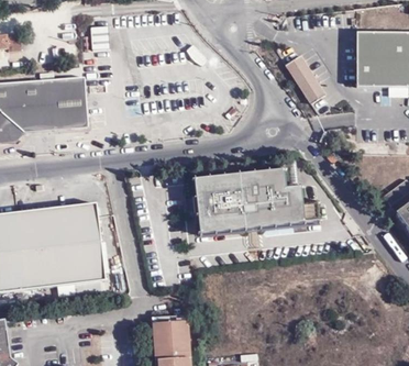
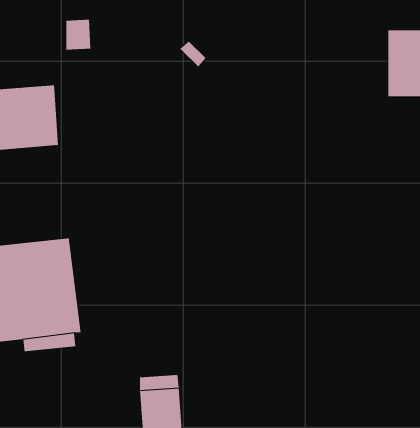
building: [285,55,333,103] -> none
building: [194,168,318,232] -> none

